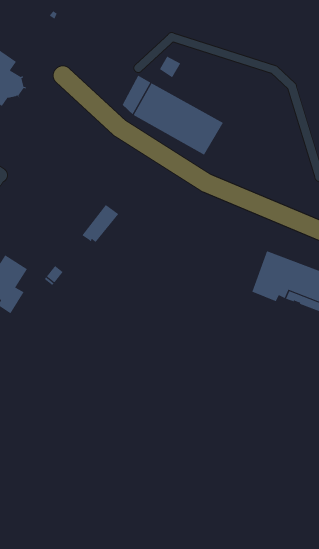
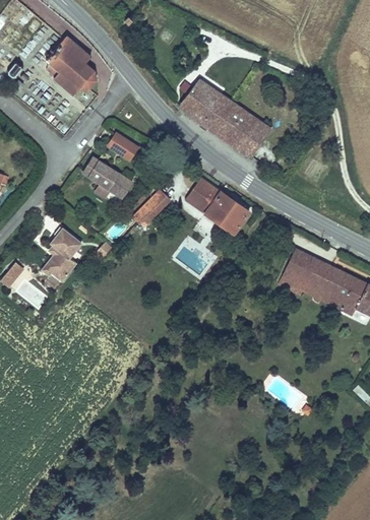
building: none -> [108,133,137,159]
building: none -> [83,157,131,197]
building: none -> [185,178,249,235]

